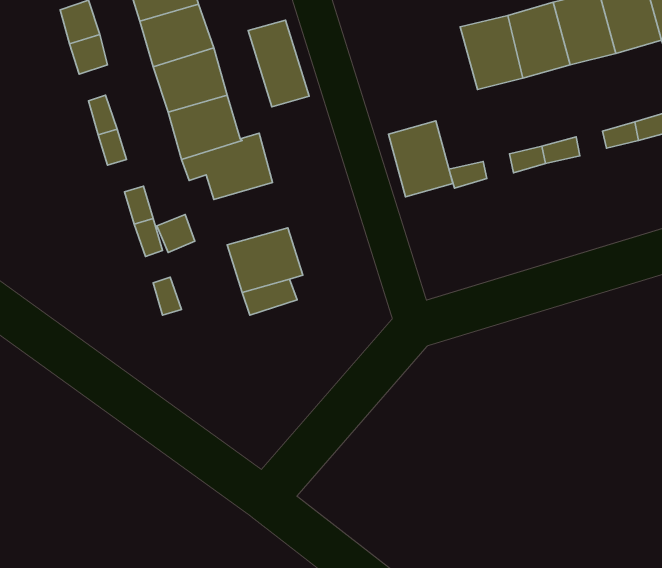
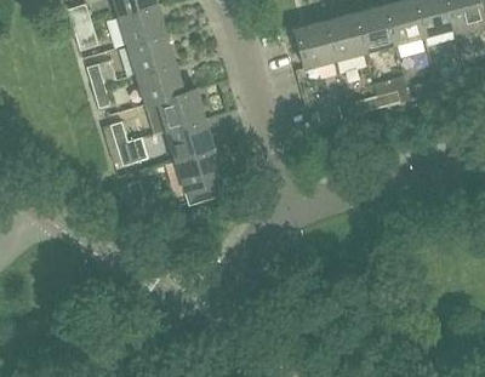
building: [248,20,309,107] -> none
building: [388,121,453,197] -> [293,19,335,68]
building: none -> [166,119,213,159]

